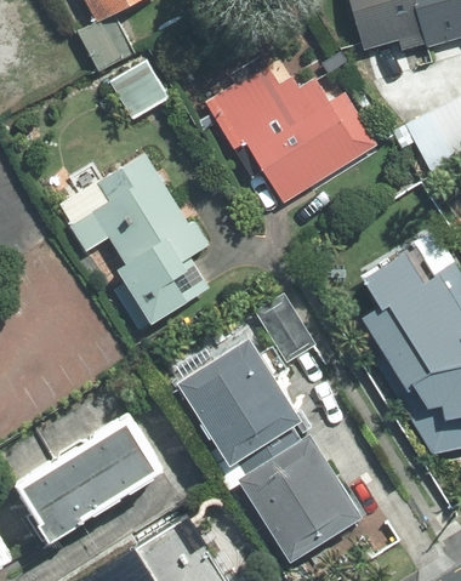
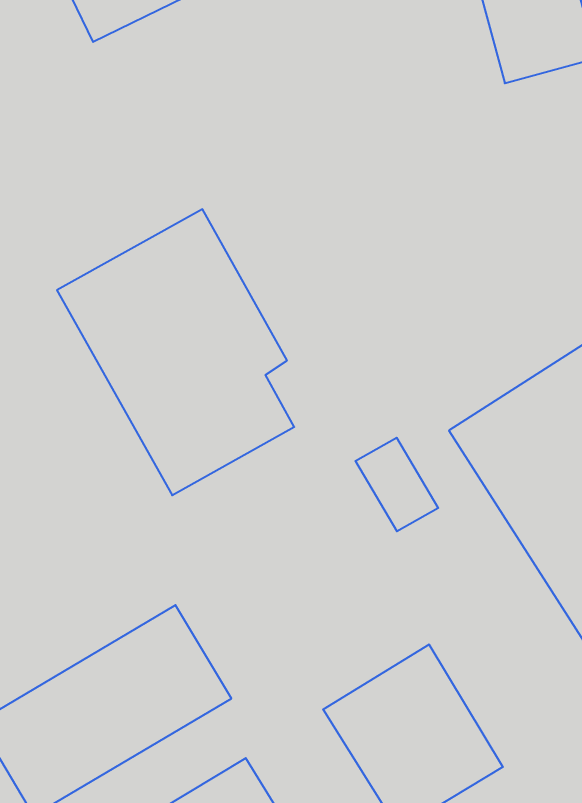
building: [110,56,172,120] -> none
building: [214,68,387,205] -> none
building: [175,334,301,467] -> none

